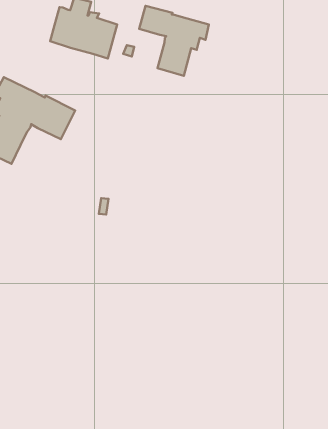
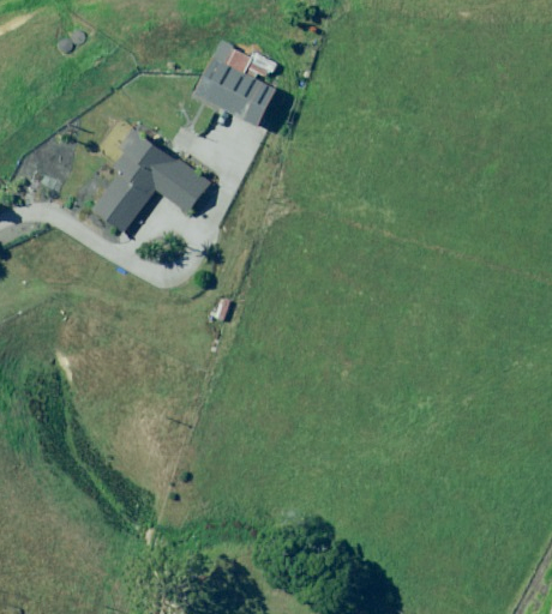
building: [139,6,209,76] -> none

